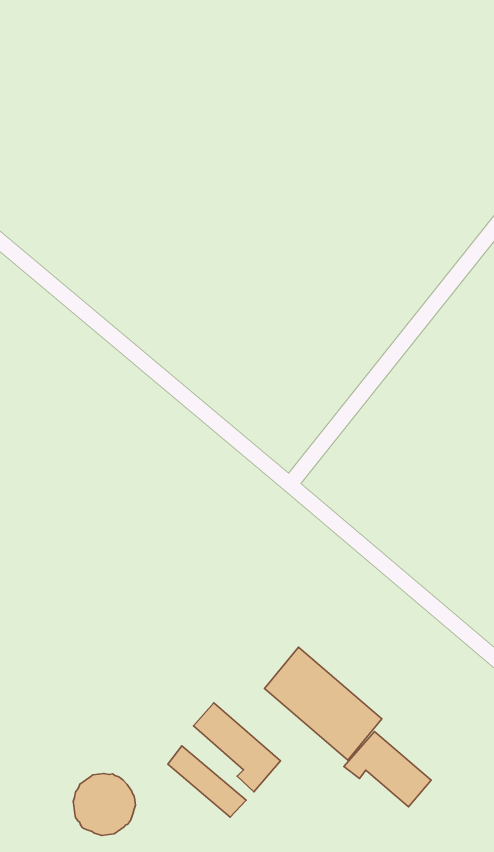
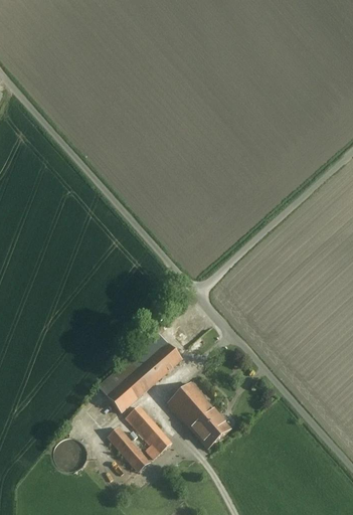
building: none -> [98,333,181,411]
building: [344,731,431,807] -> none

